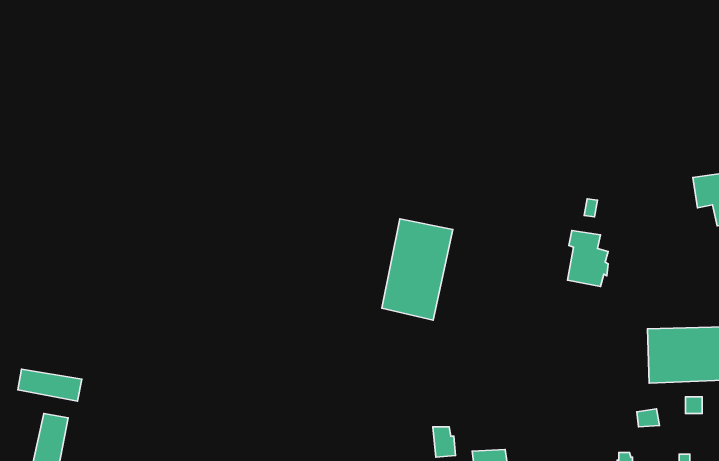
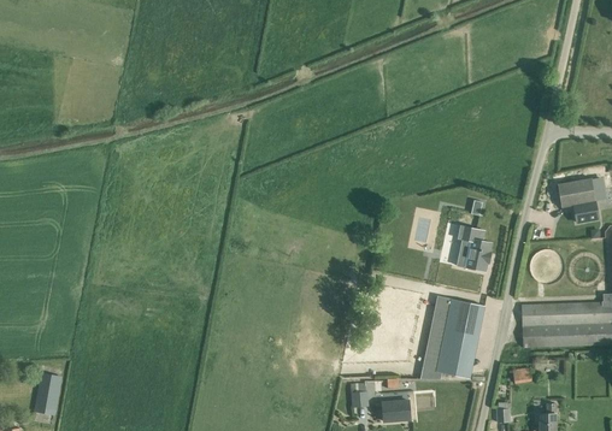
building: [382,219,453,320] -> [426,297,483,378]
building: [18,369,82,401] -> none

